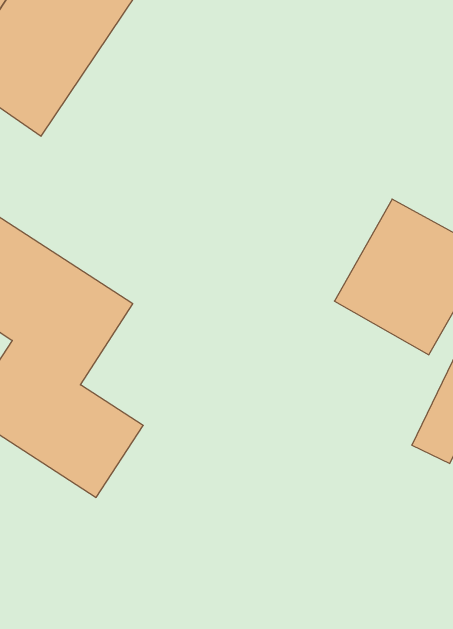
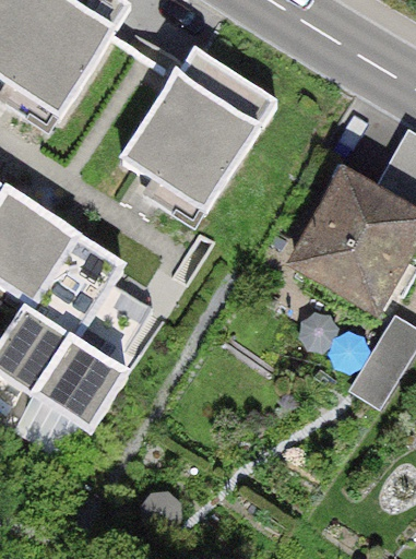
building: none -> [123,50,277,210]

